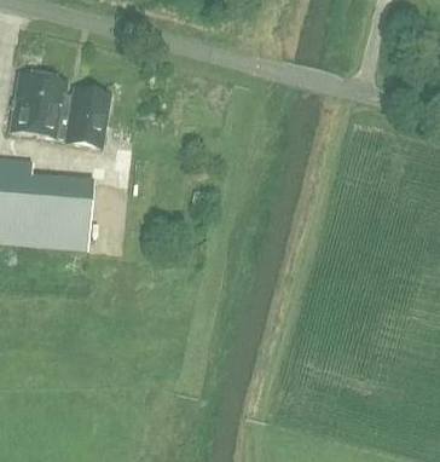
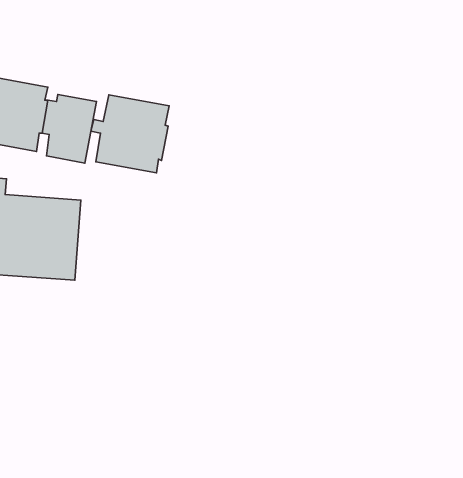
building: none -> [91,95,169,173]

